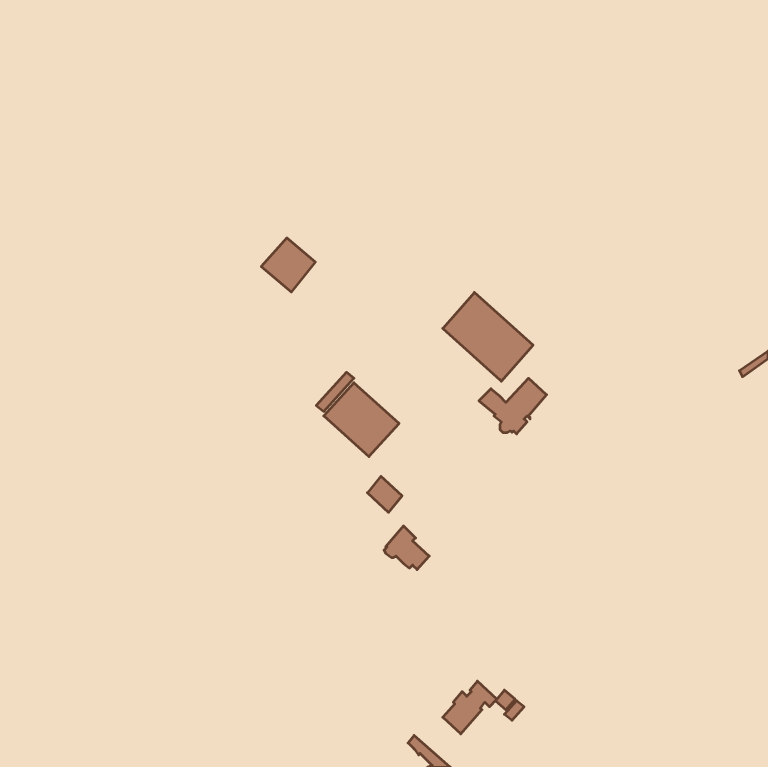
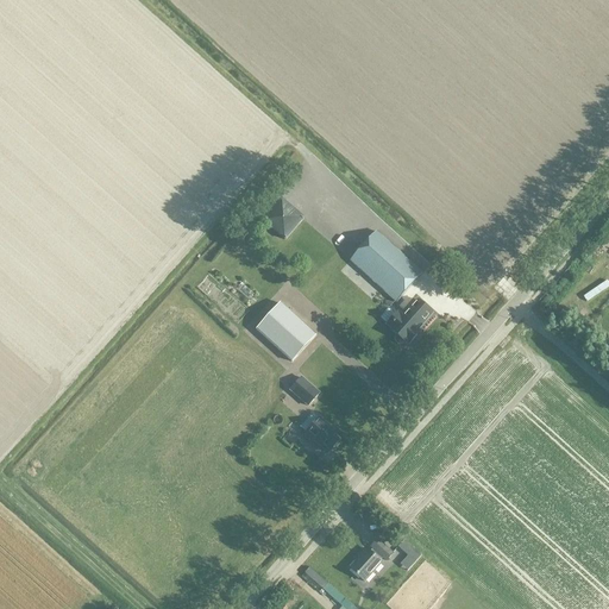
building: [261,238,315,292] -> [259,197,302,240]

